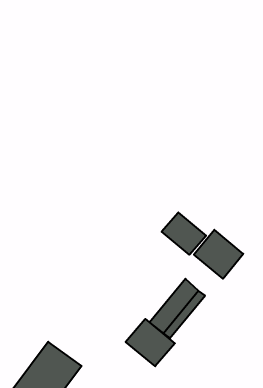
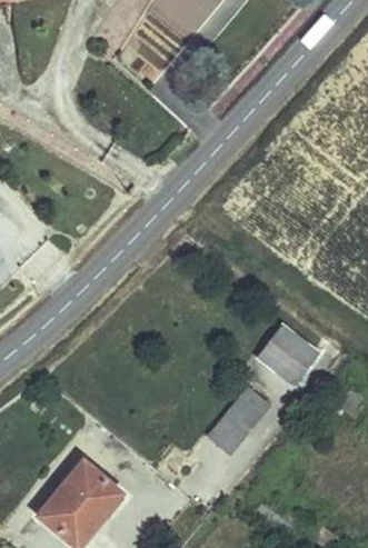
building: [162,212,206,255] -> none
building: [126,319,175,366] -> none

